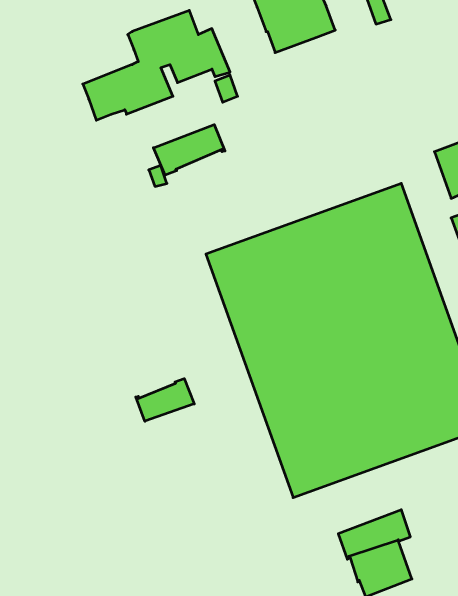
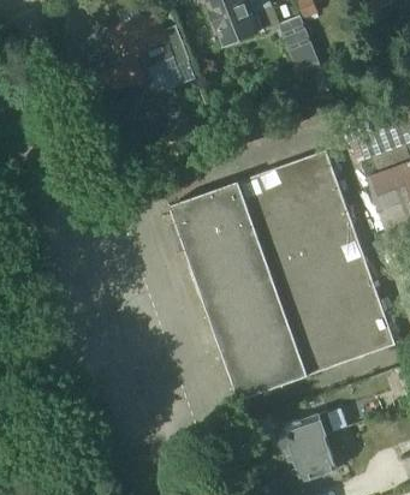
building: none -> [280,18,319,71]
building: [153,125,225,175] -> none
building: [136,379,194,421] -> none

